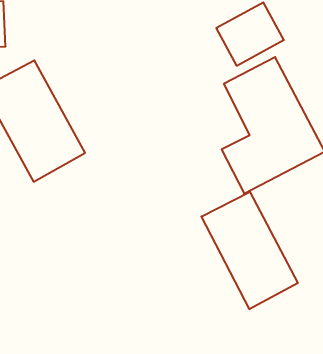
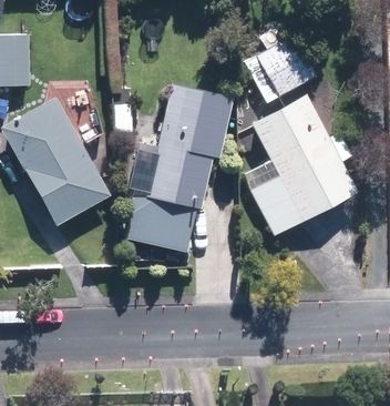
building: none -> [126,83,230,251]
building: [201,192,298,309] -> none

